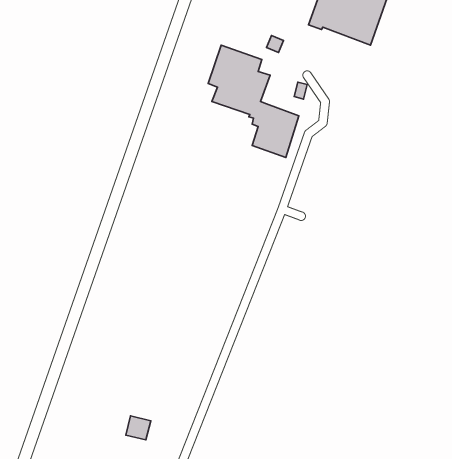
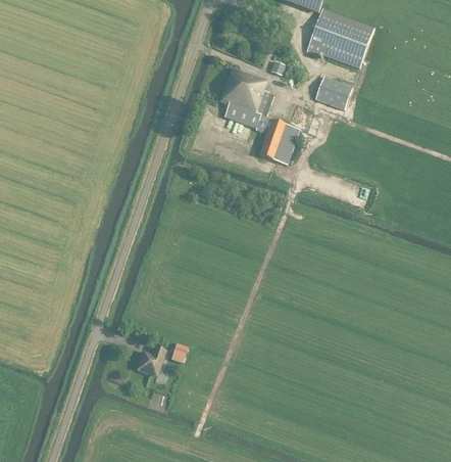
building: none -> [313,76,351,109]
building: none -> [135,346,165,377]

